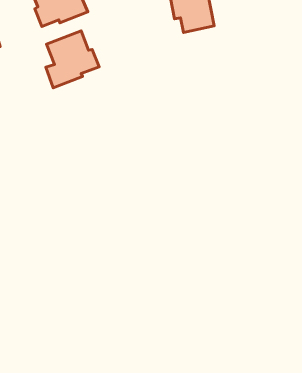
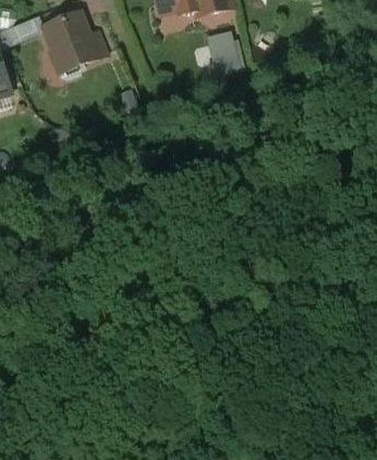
building: [46,31,99,88] -> none

